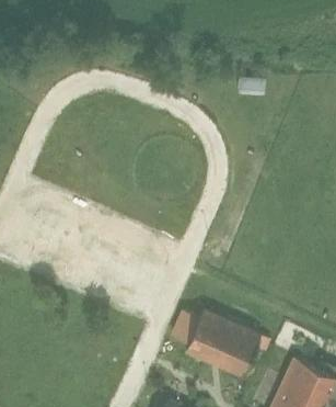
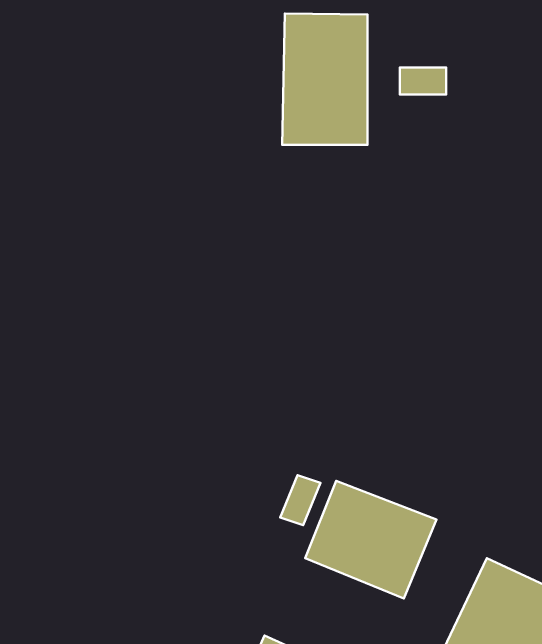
building: none -> [282,13,368,145]

